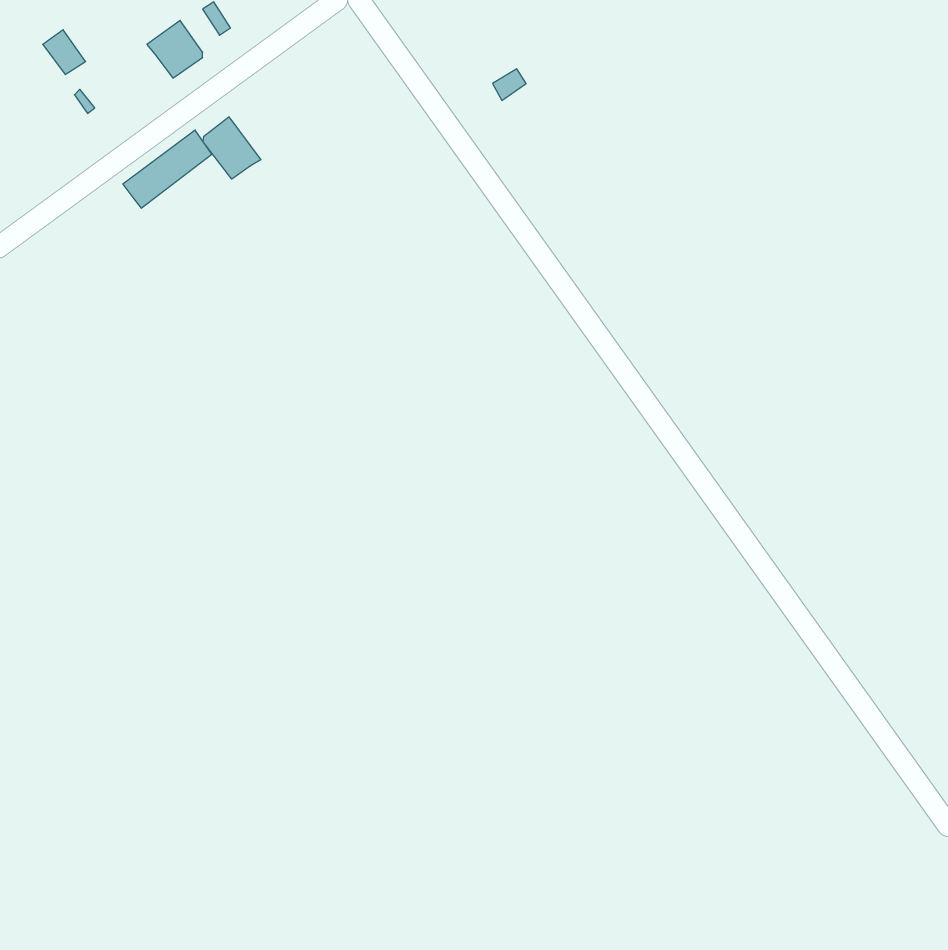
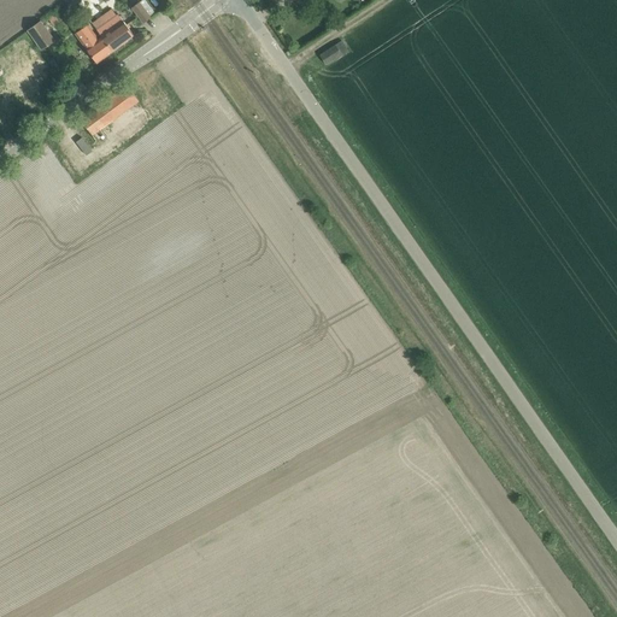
building: none -> [75,24,112,63]
building: [203,117,261,179] -> none

